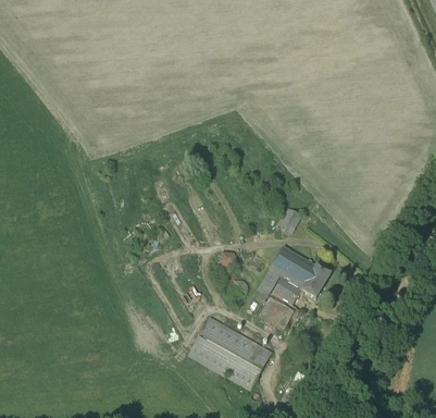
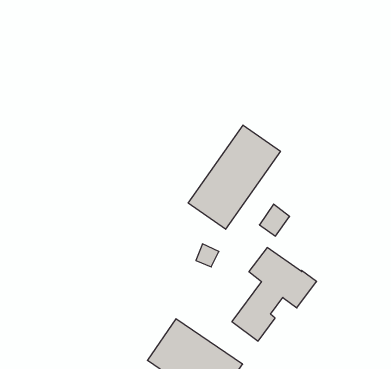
building: none -> [188,125,280,229]

